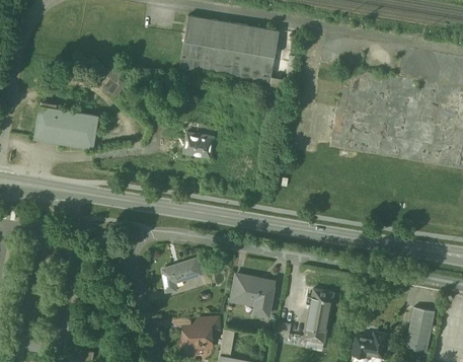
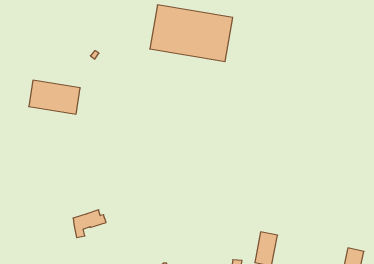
building: [183,131,216,156] -> none
building: [162,258,202,291] -> [73,210,106,238]
building: [236,275,273,311] -> none

